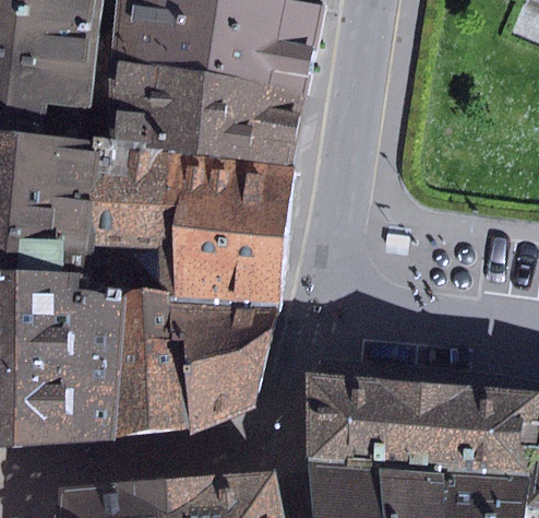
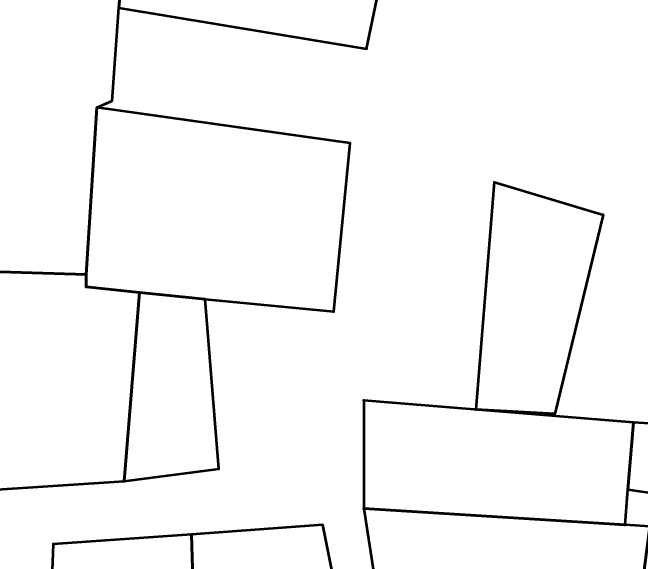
building: [103,60,306,163] -> none
building: none -> [476,182,603,414]
building: [177,293,279,435] -> none

